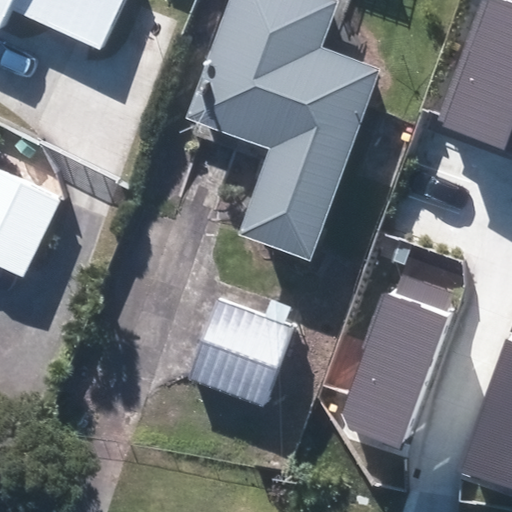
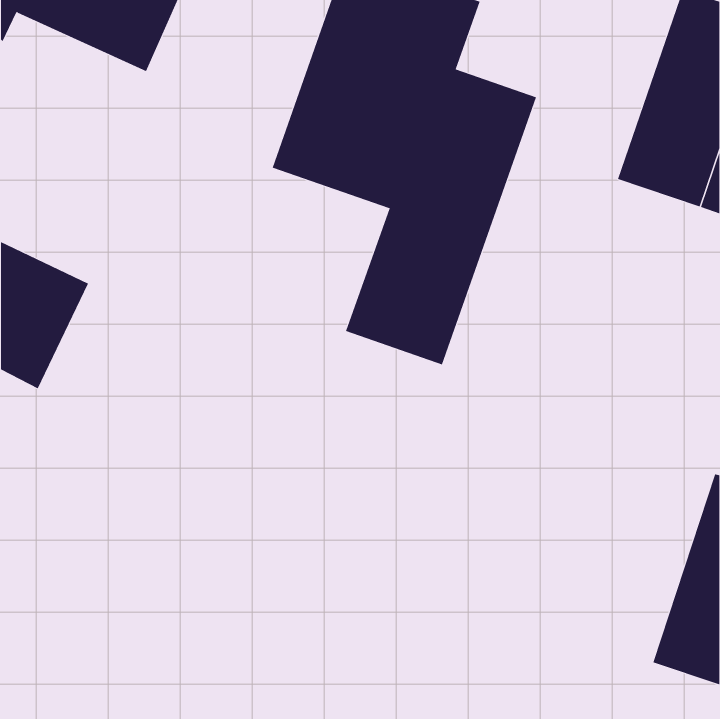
building: [336,292,446,449] -> none
building: [193,300,292,404] -> none

